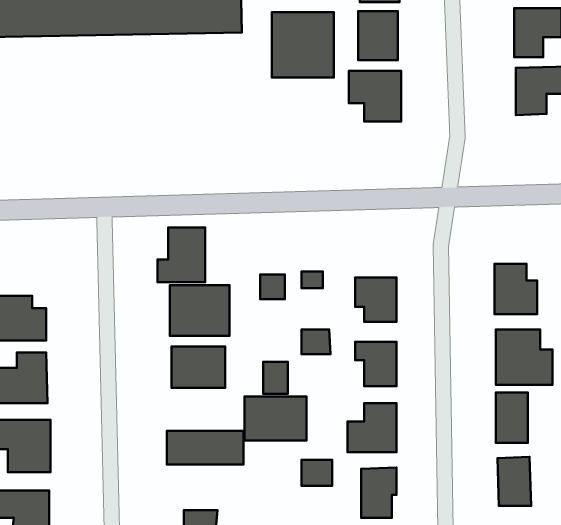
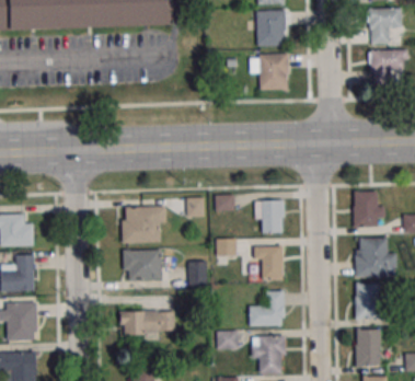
building: [272,12,334,77] -> none
building: [157,228,205,282] -> none
building: [245,397,307,441] -> none

